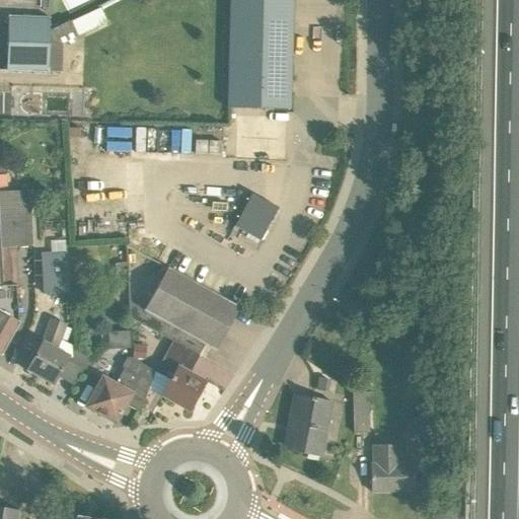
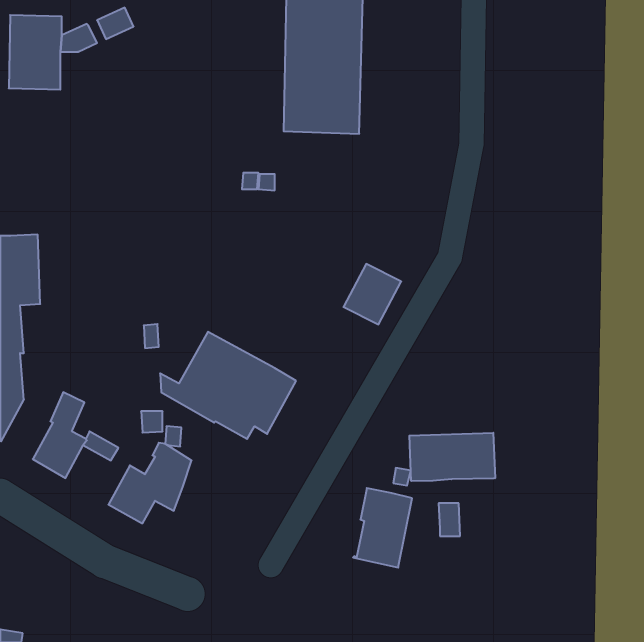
building: [234,191,281,239] -> [343,264,401,324]
building: [42,250,70,293] -> none
building: [160,339,205,410] -> none
building: none -> [409,433,495,481]
building: [370,443,415,490] -> none

